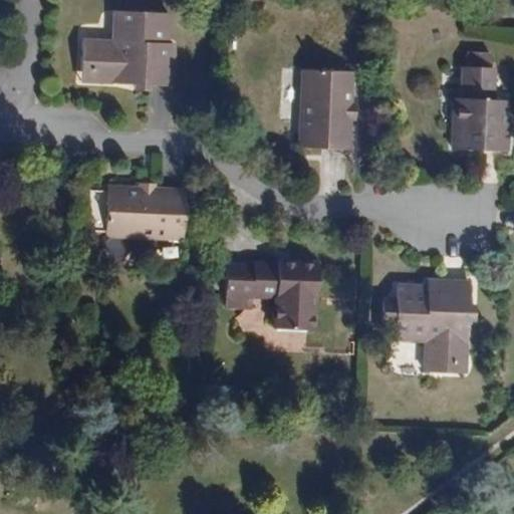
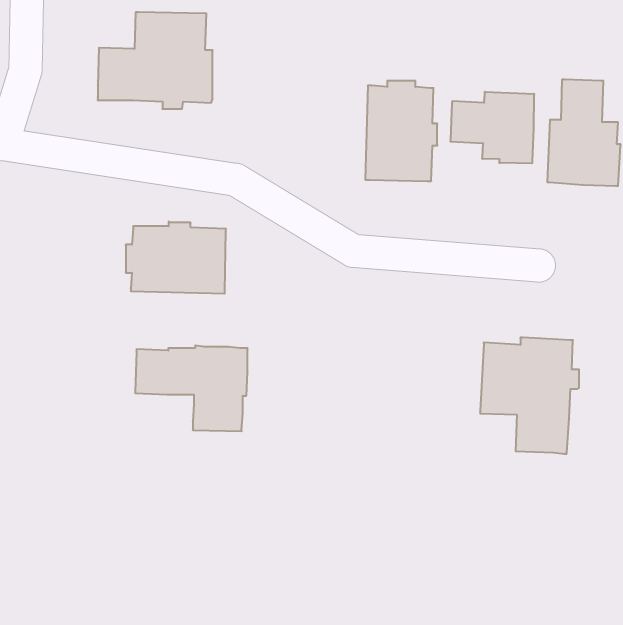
building: none -> [451,92,534,163]
building: [227,261,319,331] -> [135,346,248,431]

